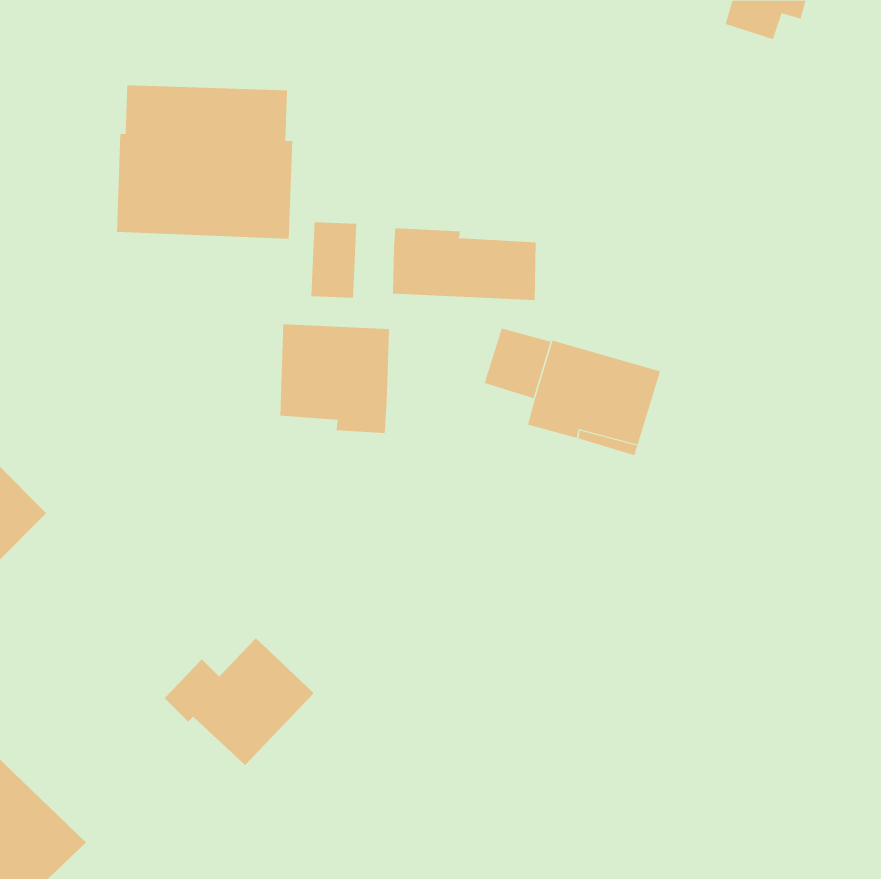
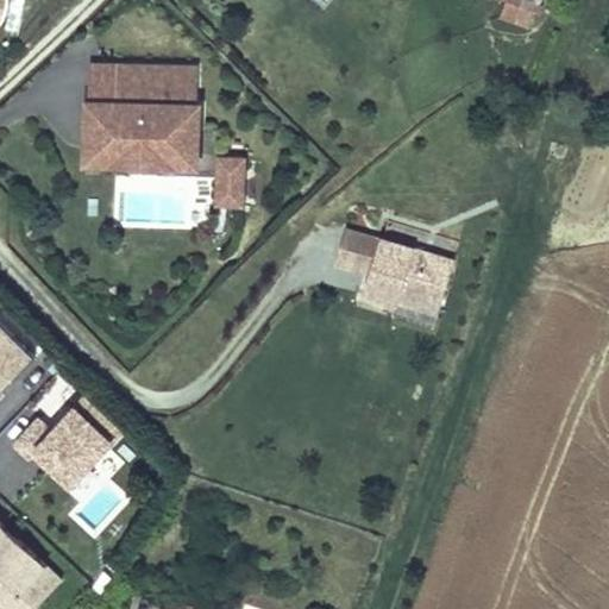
building: [392,228,536,301] -> none
building: [280,323,390,434] -> none
building: [164,638,315,766] -> [11,403,114,491]

